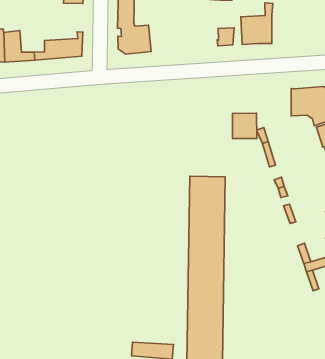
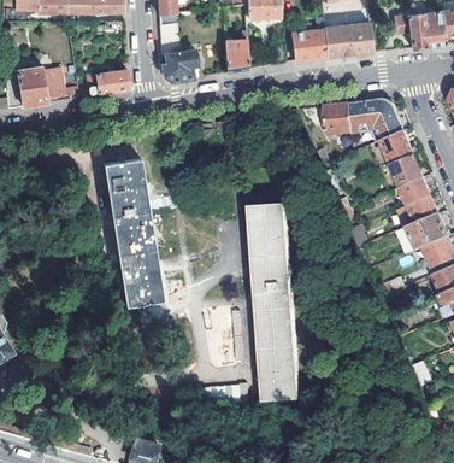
building: none -> [323,24,373,58]
building: none -> [225,41,248,72]
building: [232,113,257,139] -> [324,104,352,133]
building: none -> [102,157,164,305]

